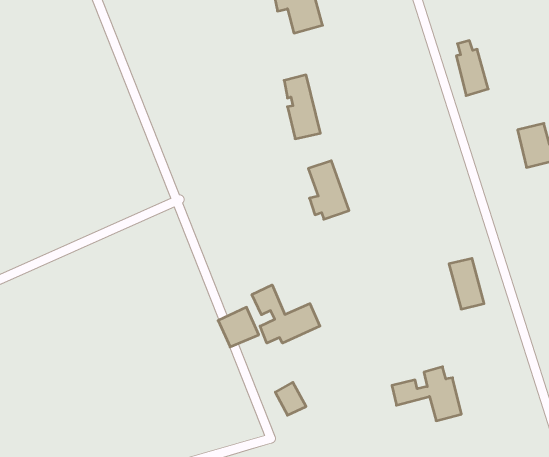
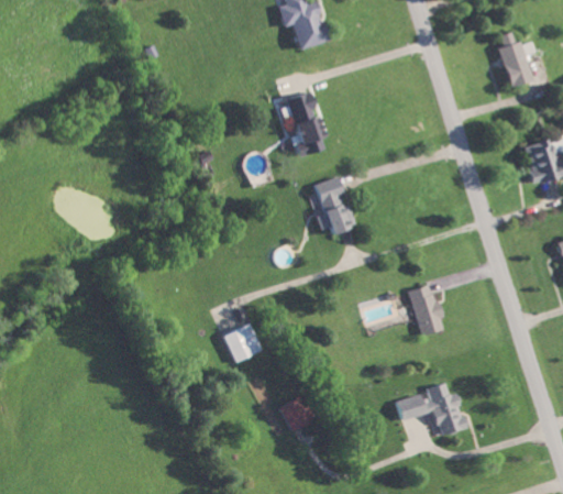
building: [456,41,488,96] -> [497,32,529,87]
building: [449,258,484,309] -> [409,285,444,336]
building: [252,285,320,343] -> none

